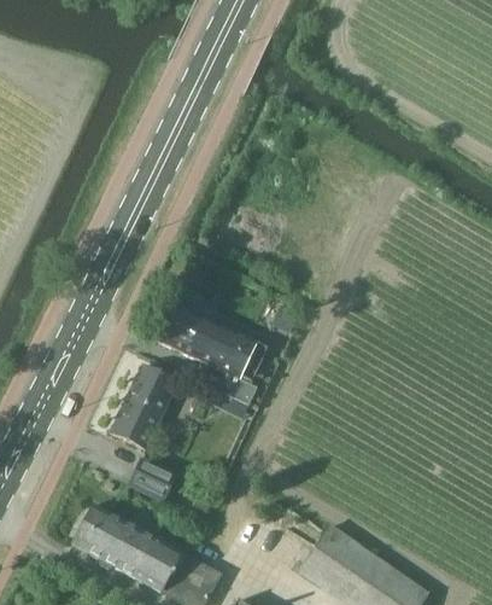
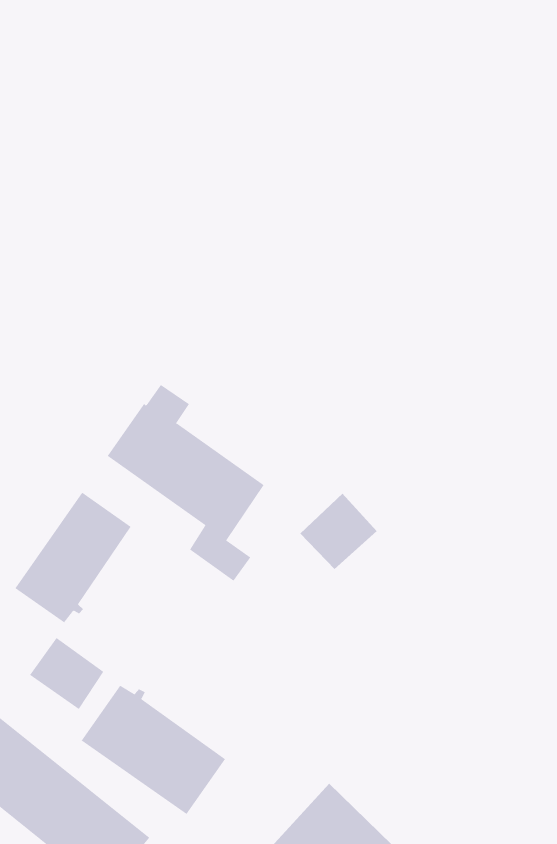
building: none -> [299,493,378,570]
building: none -> [81,685,226,815]

